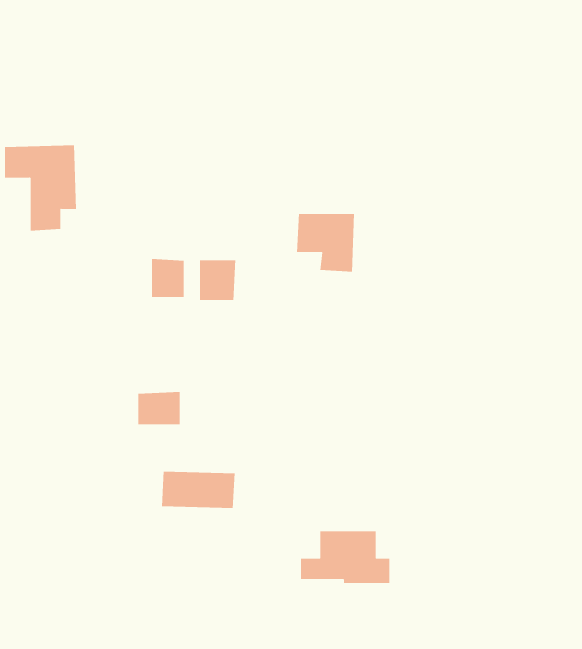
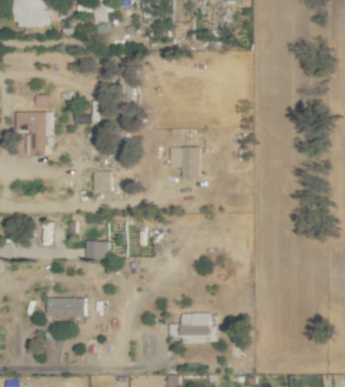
building: [200,260,236,301] -> none
building: [161,471,235,508] -> [46,298,85,317]

